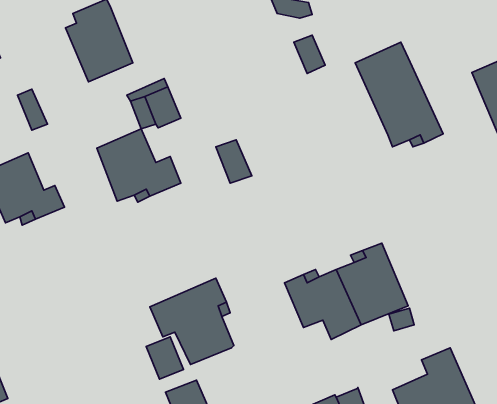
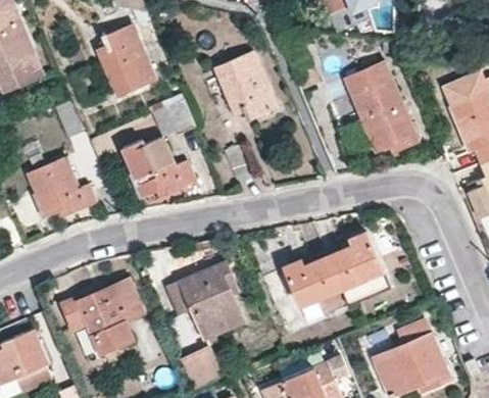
building: none -> [215,53,277,119]
building: none -> [62,280,142,352]

